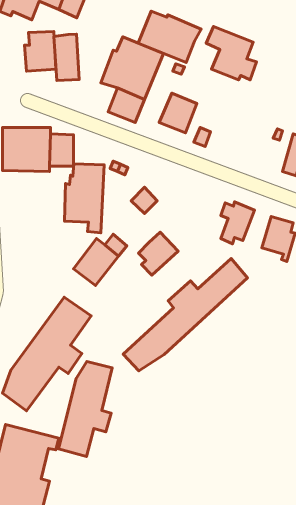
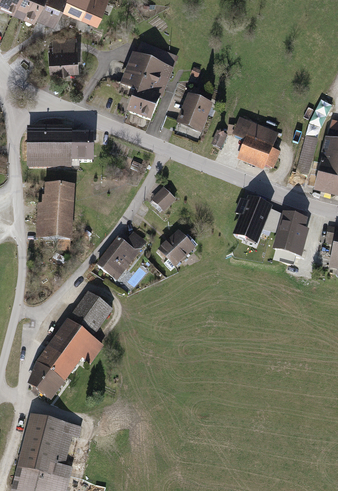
building: [138,11,201,63] -> none
building: [206,26,256,80] -> [233,116,281,167]
building: [54,34,79,81] -> none
building: [64,164,104,233] -> [36,182,74,248]
building: [123,259,247,371] -> none
building: [58,362,112,457] -> none

